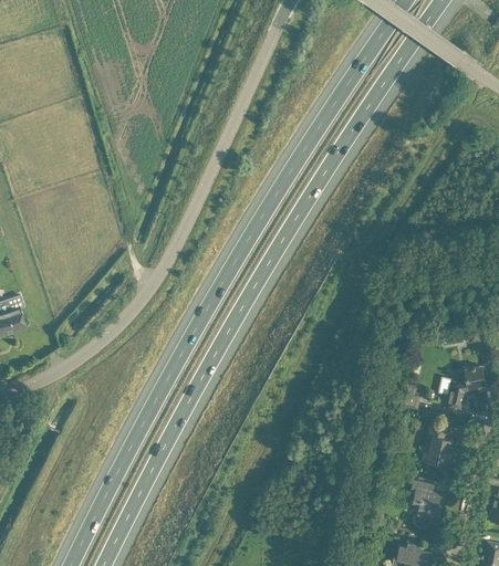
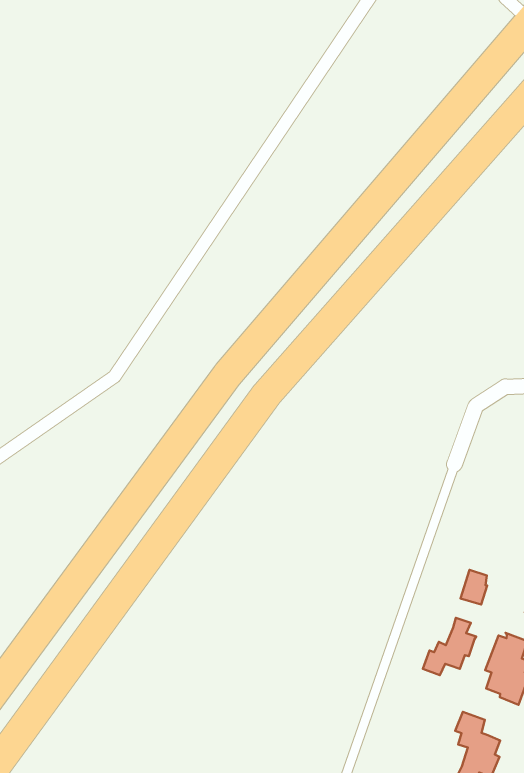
building: none -> [423,618,476,675]

